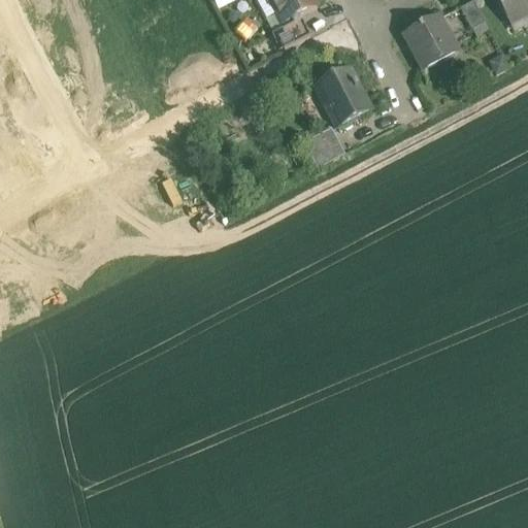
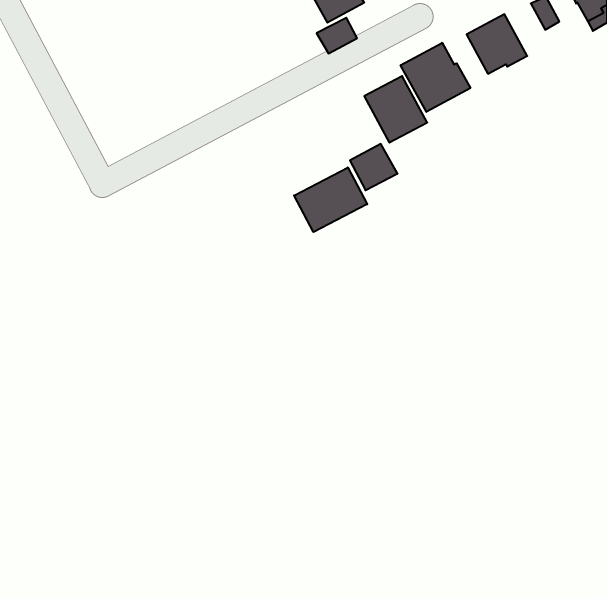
building: none -> [401,43,470,112]
building: none -> [294,167,367,232]

